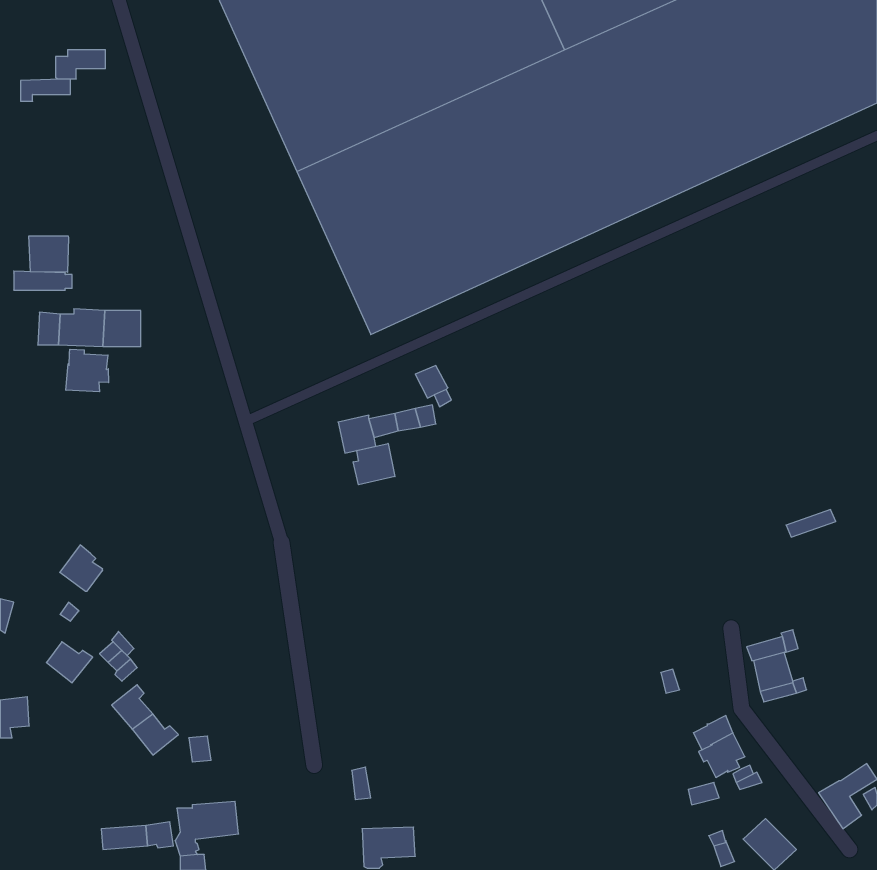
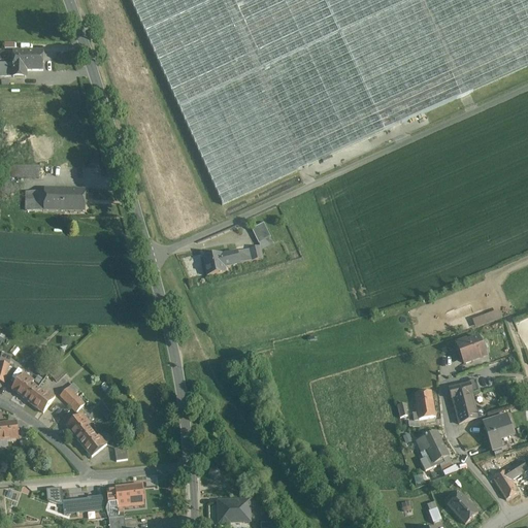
building: [56,50,105,79] -> [12,57,42,74]
building: [29,236,69,272] -> none
building: [66,349,109,392] -> none
building: [353,443,395,485] -> none
building: [60,545,103,591] -> [11,370,37,398]
building: none -> [458,336,485,362]
building: none -> [415,390,435,418]
building: none -> [483,415,512,449]

